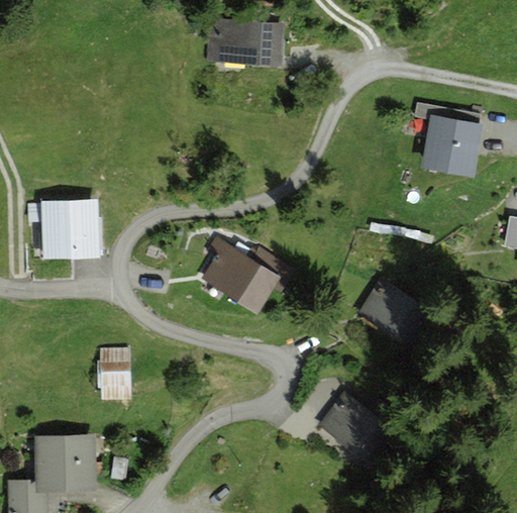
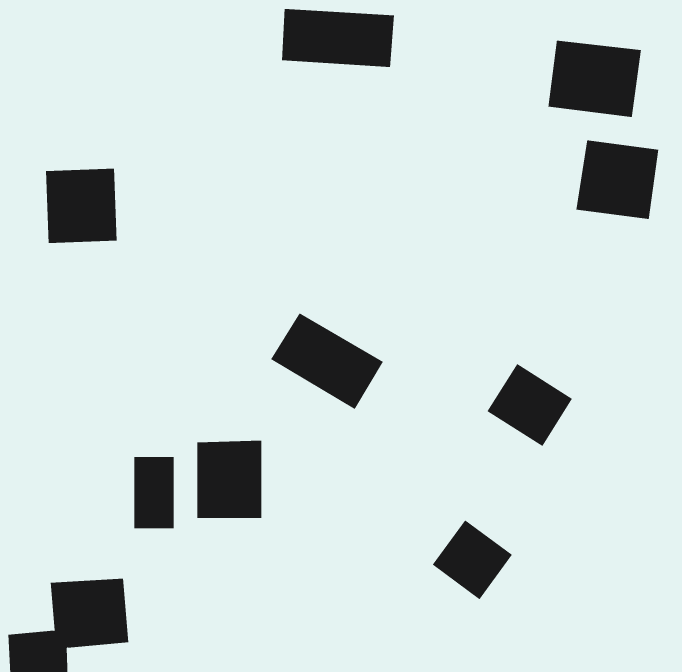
building: none -> [548,40,642,118]
building: [38,203,92,259] -> [45,168,118,244]
building: none -> [197,440,262,519]

